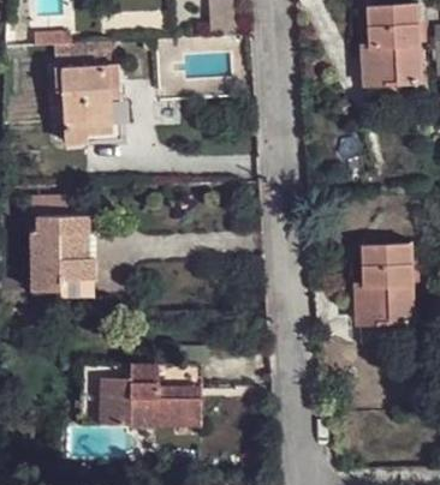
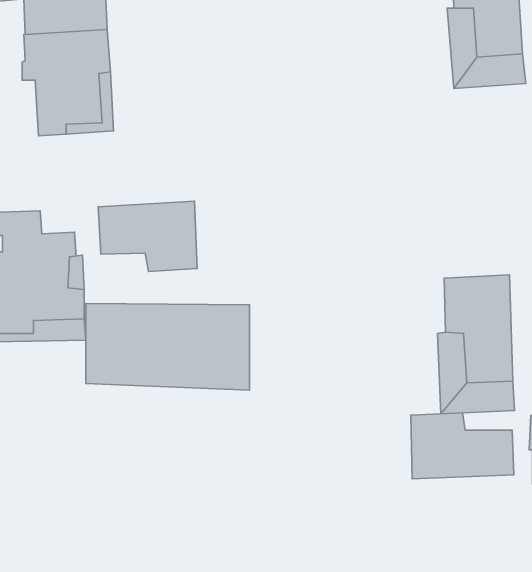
building: none -> [98,201,197,271]
building: none -> [411,413,514,479]
building: [78,363,198,426] -> [86,303,249,390]

